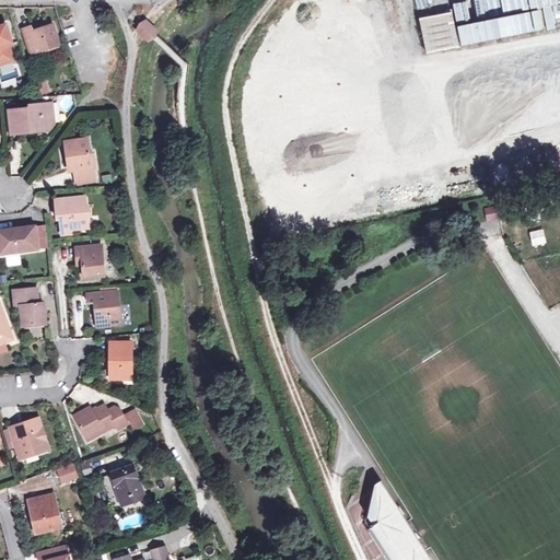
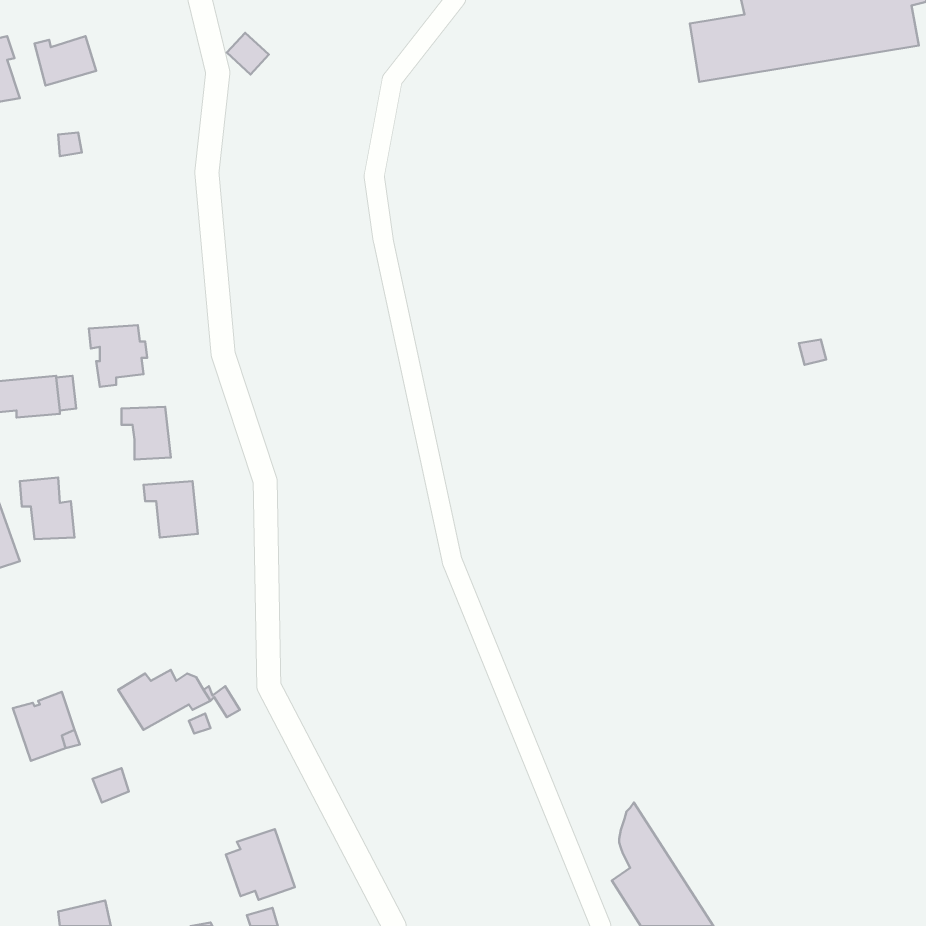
building: [8,103,54,133] -> none
building: [66,137,94,182] -> none
building: [109,342,130,377] -> none
building: [102,463,143,505] -> [226,829,295,900]
building: [28,494,60,533] -> none

